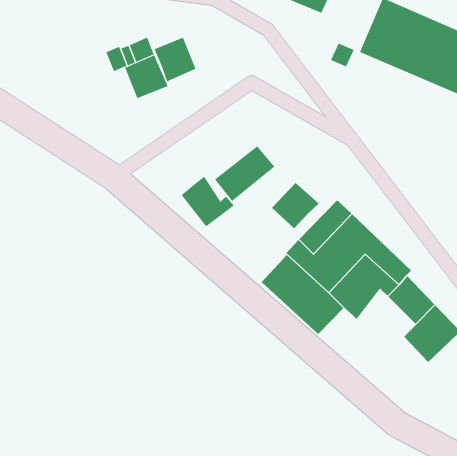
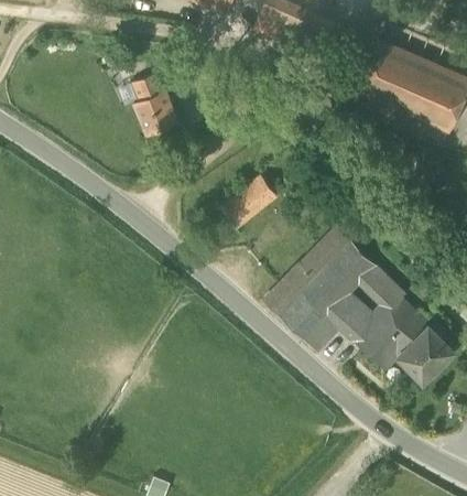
building: [154,37,196,82] -> none
building: [181,176,235,227] -> none
building: [271,182,319,229] -> none
building: none -> [356,312,411,370]

